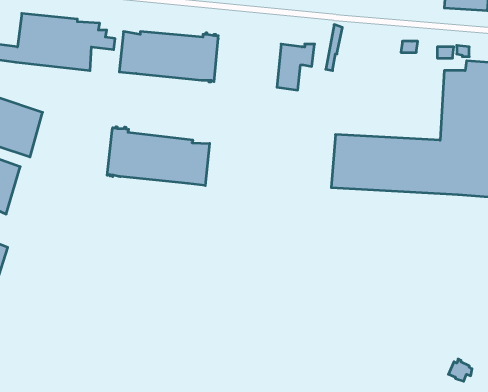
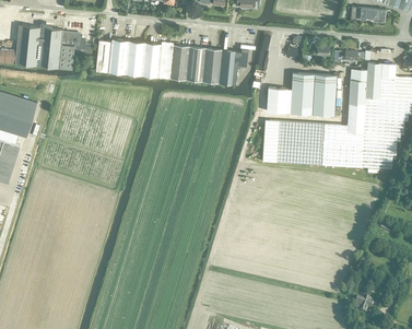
building: none -> [169,44,222,82]
building: none -> [266,71,336,115]
building: [107,127,210,186] -> none

